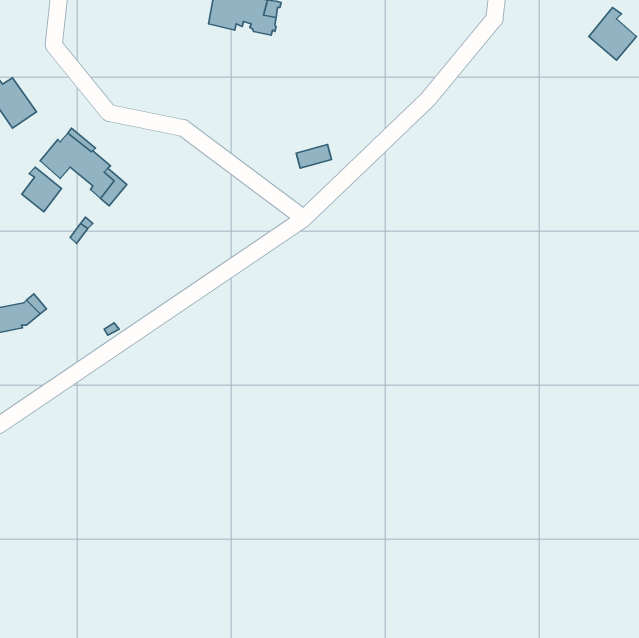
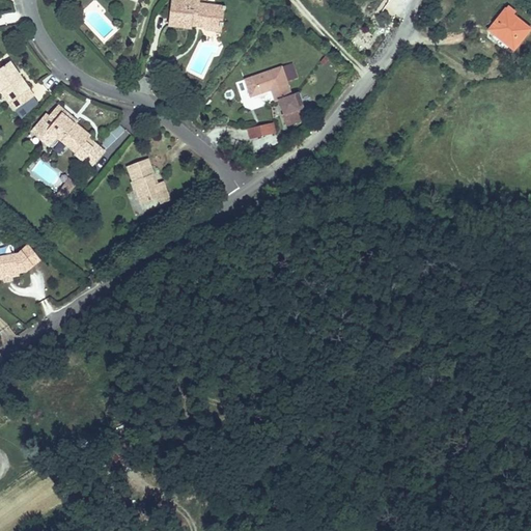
building: none -> [246,68,302,117]
building: [22,167,62,212] -> none
building: none -> [125,159,170,206]

